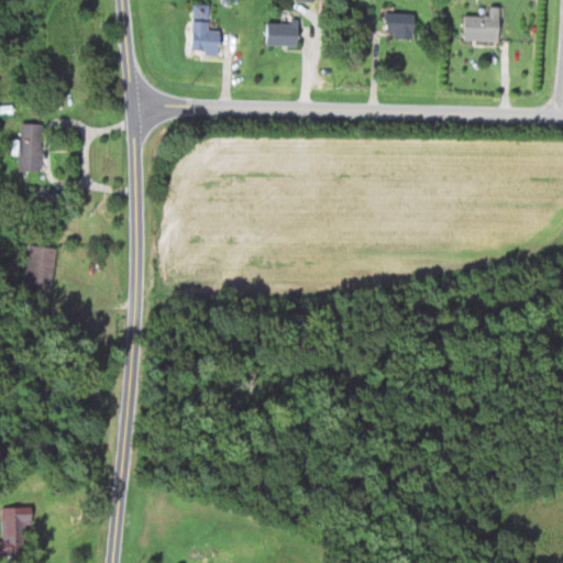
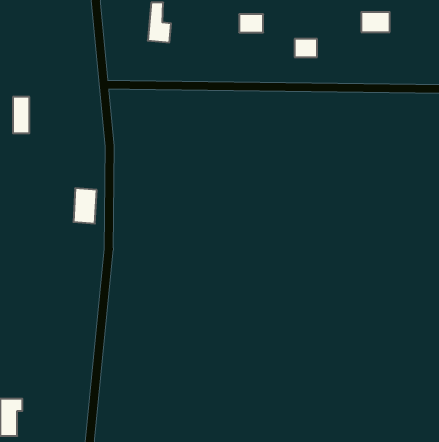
building: [385,13,413,36] -> [295,39,317,57]
building: [266,22,297,45] -> [239,14,263,32]
building: [25,245,55,290] -> [73,188,97,224]

